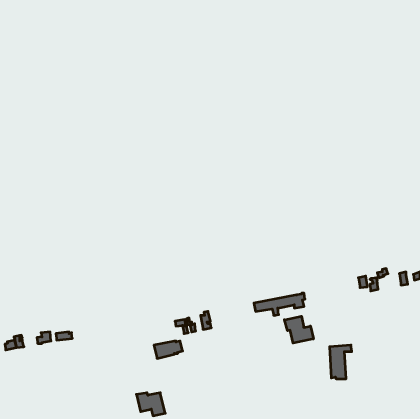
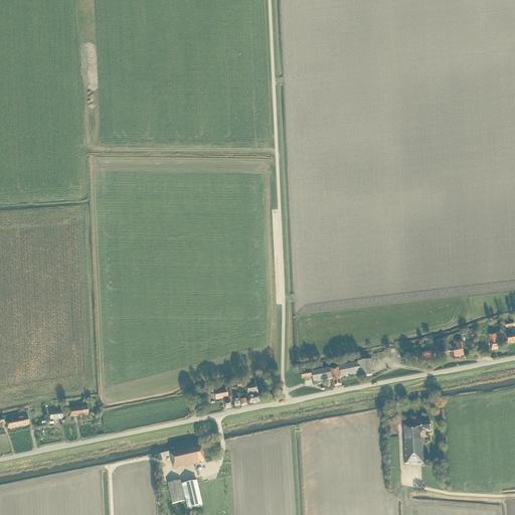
building: [284,316,313,343] -> none
building: [154,341,183,358] -> [169,448,204,469]

